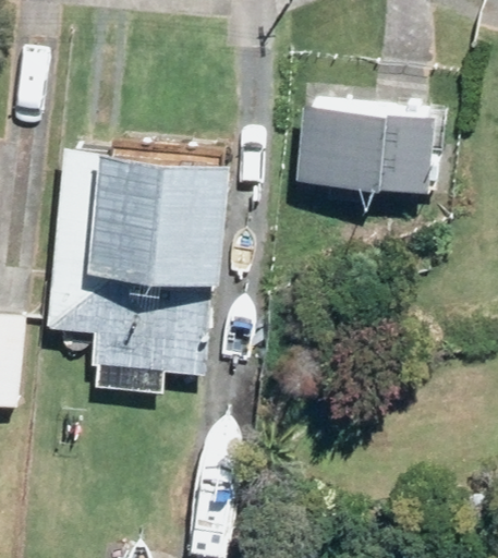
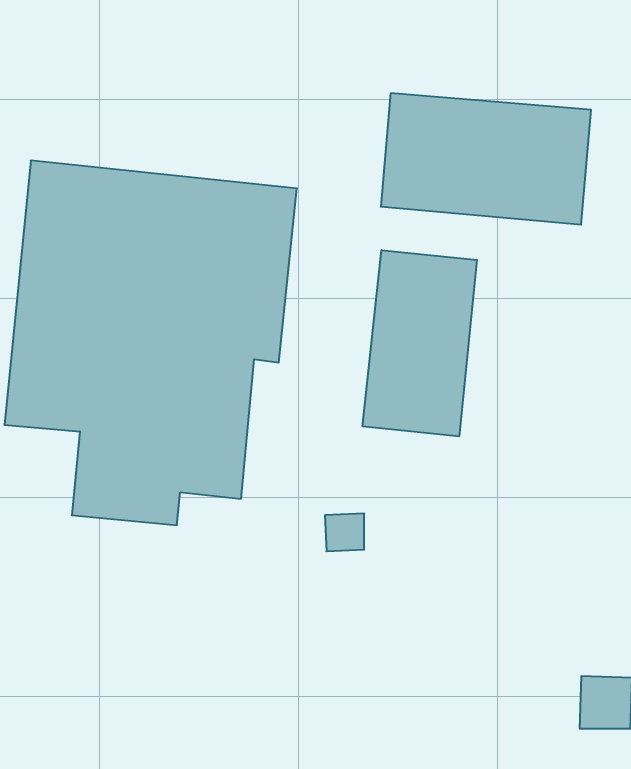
building: none -> [363,250,477,436]

